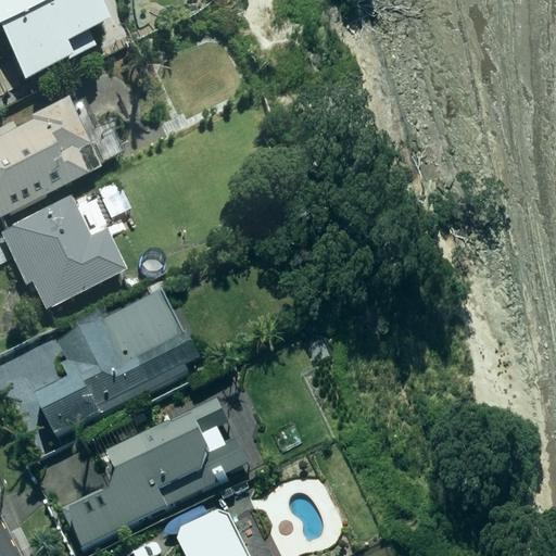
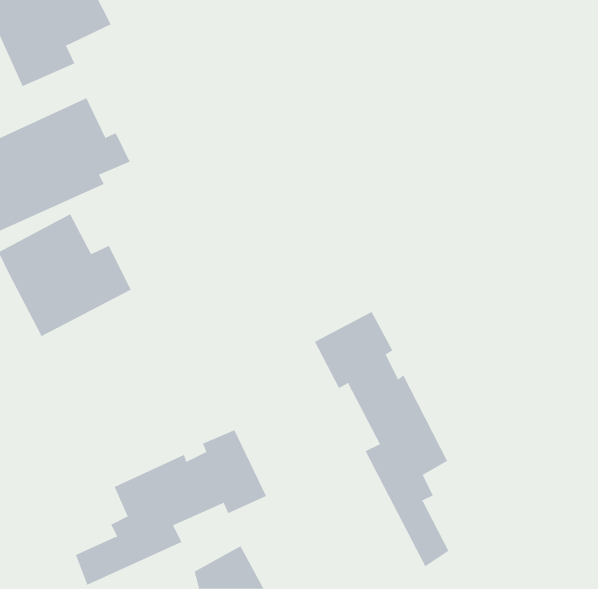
building: [34,285,202,439] -> none
building: none -> [314,311,449,567]

